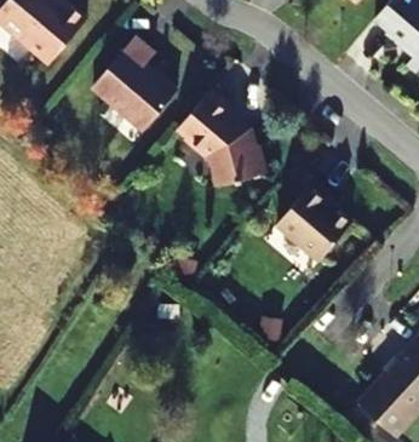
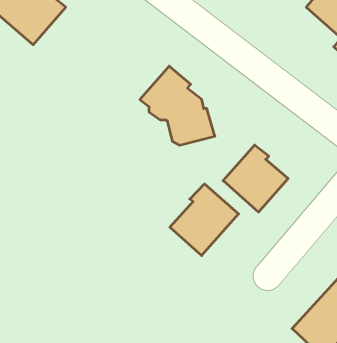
building: [92,39,177,133] -> none
building: none -> [170,184,239,256]

